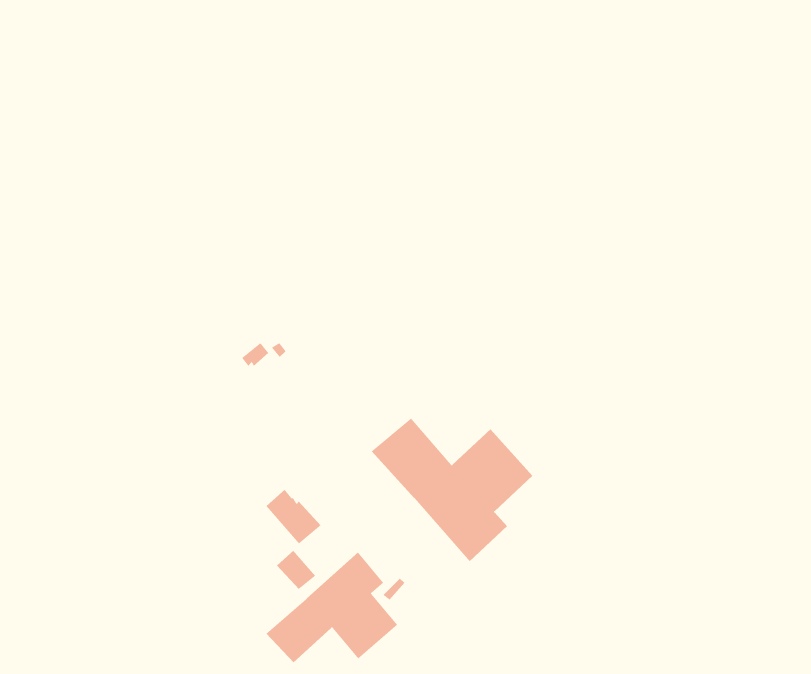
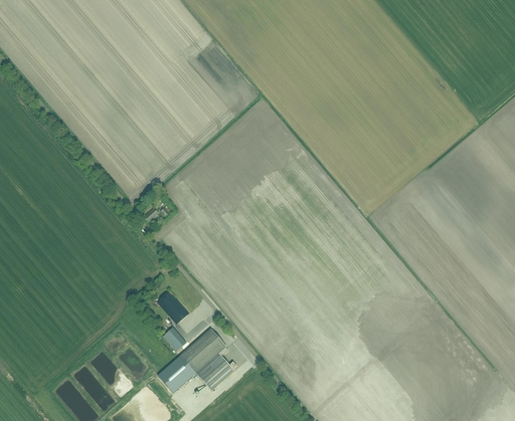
building: [371,417,533,562] -> none

